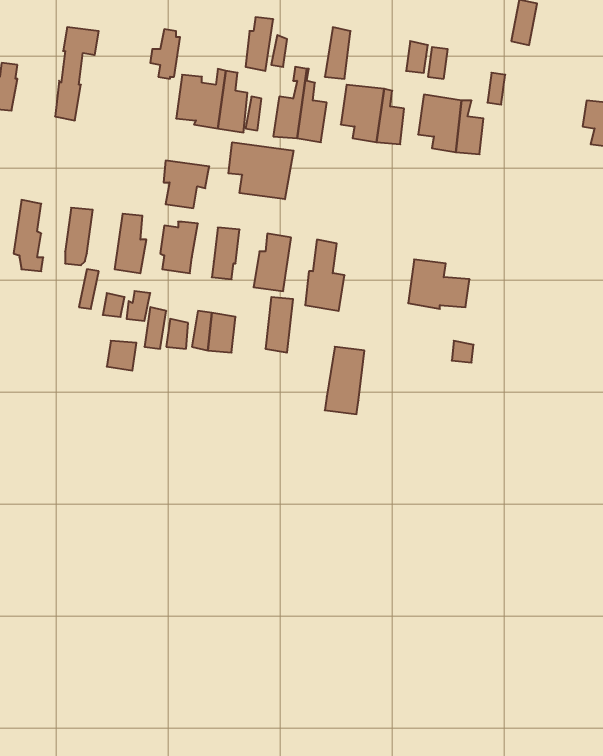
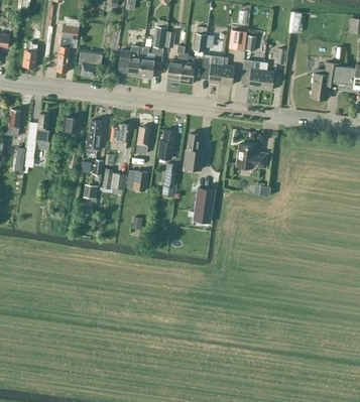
building: none -> [311,74,331,98]
building: [228,142,294,199] -> none
building: [164,161,209,208] -> [80,51,103,76]

